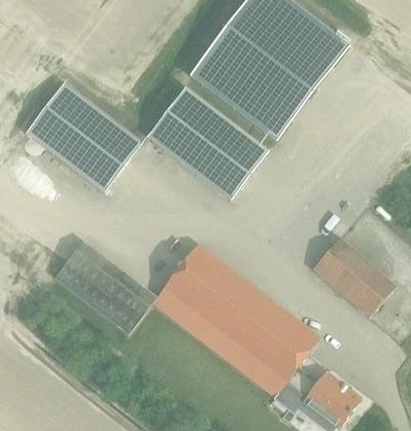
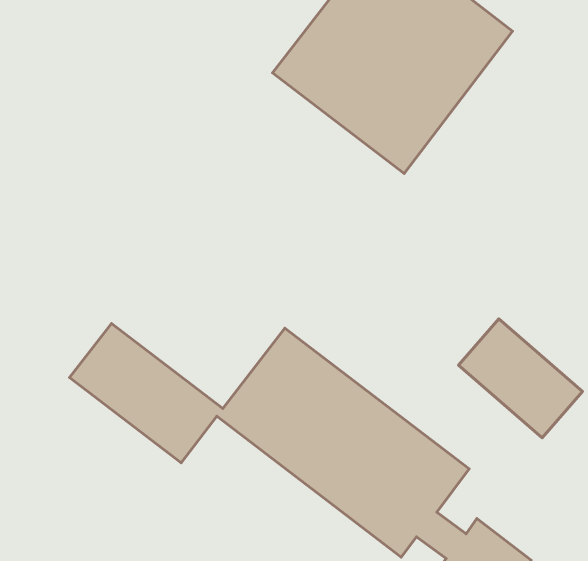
building: [26,82,141,190] -> none
building: [147,86,268,199] -> none

